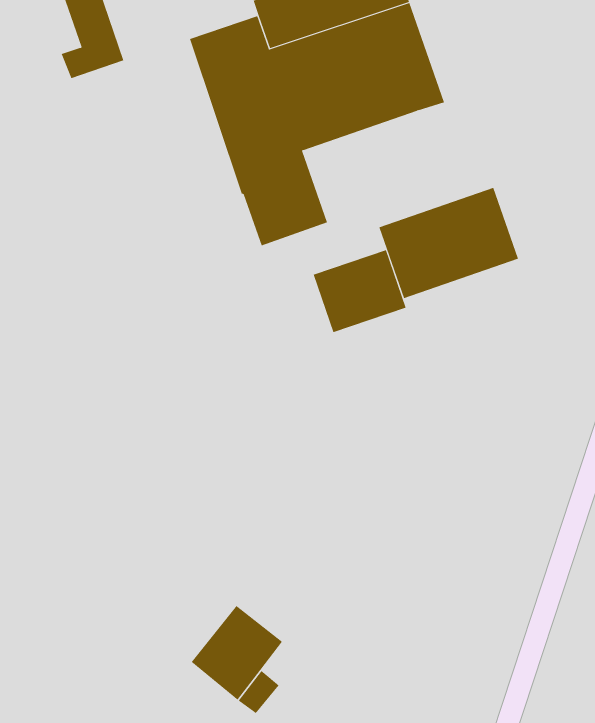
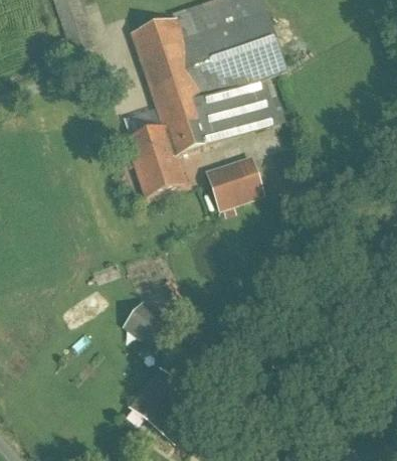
building: [379,187,519,299] -> [200,73,284,141]
building: none -> [126,124,185,195]
building: none -> [123,300,173,348]

